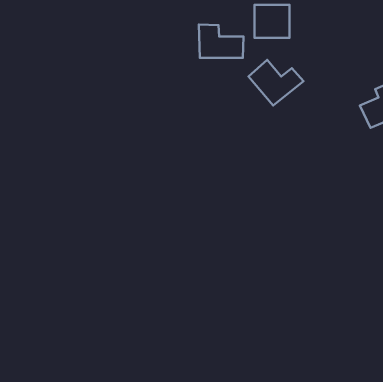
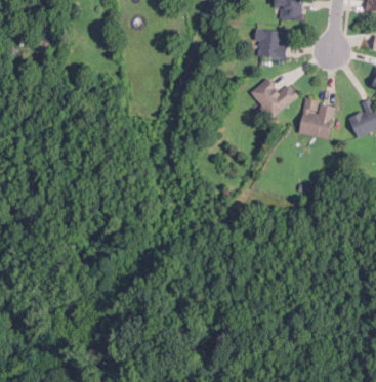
building: [199,24,243,58] -> none
building: none -> [298,99,335,139]

